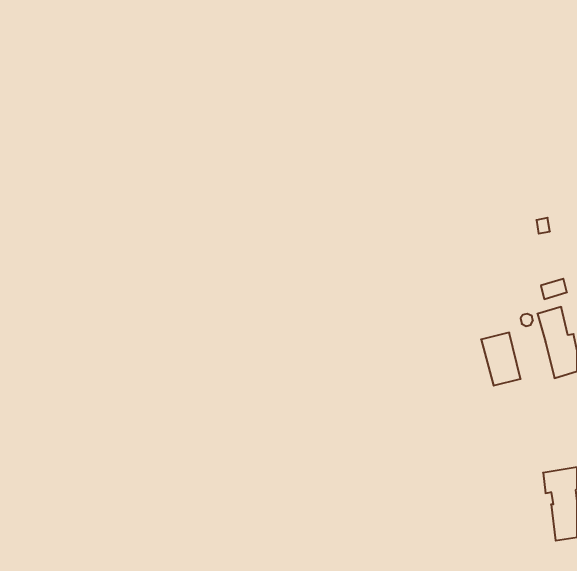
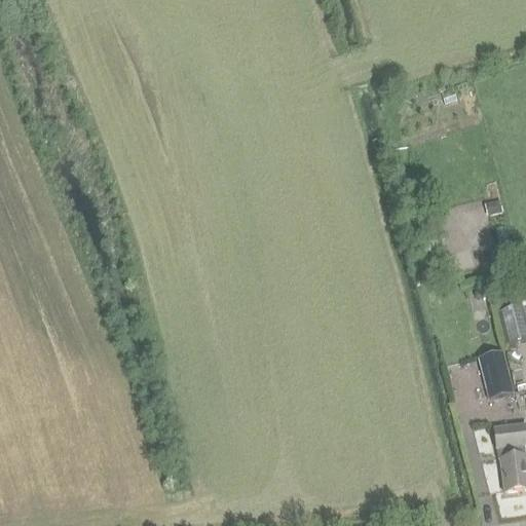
building: [481,333,521,386] -> [477,349,513,398]

